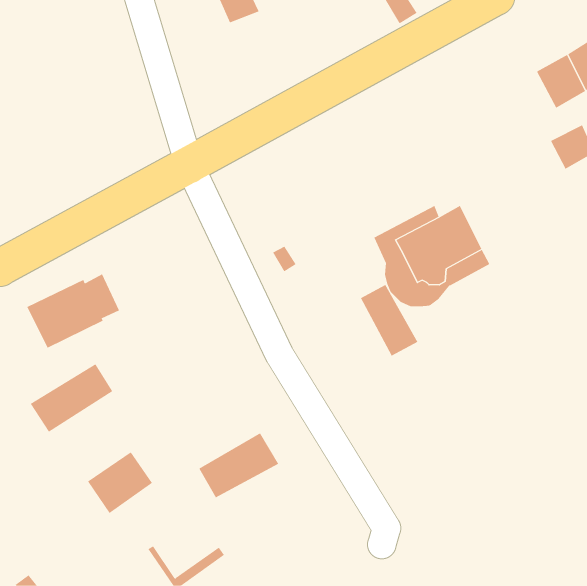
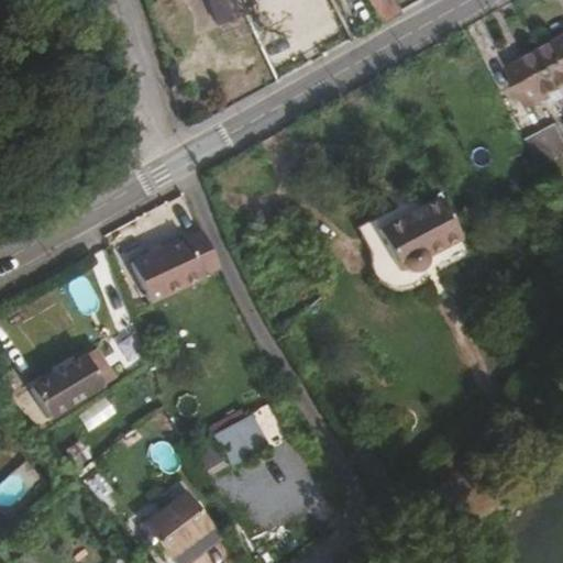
building: [26,274,120,349] -> [132,228,221,299]
building: [360,284,418,356] -> none
building: [87,452,153,514] -> [148,492,211,551]

